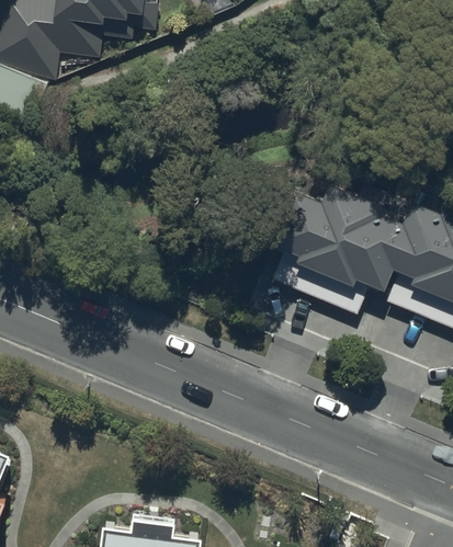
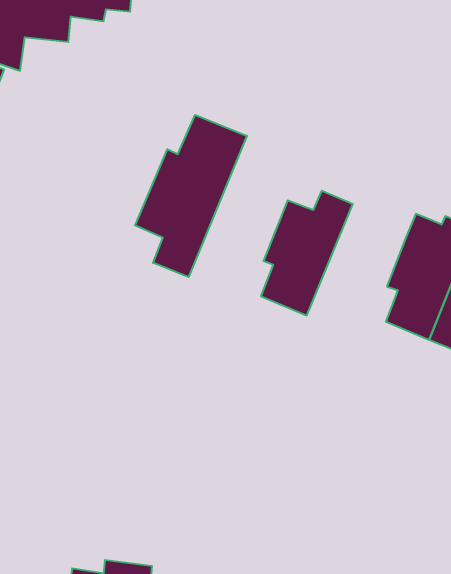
building: none -> [135,115,247,277]
building: [316,196,406,315] -> none

